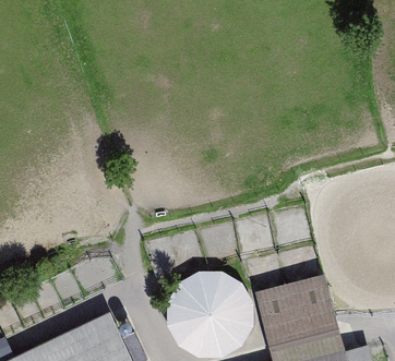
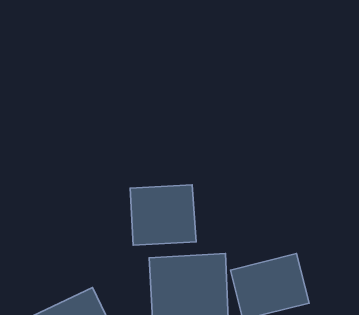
building: none -> [130,185,196,245]

